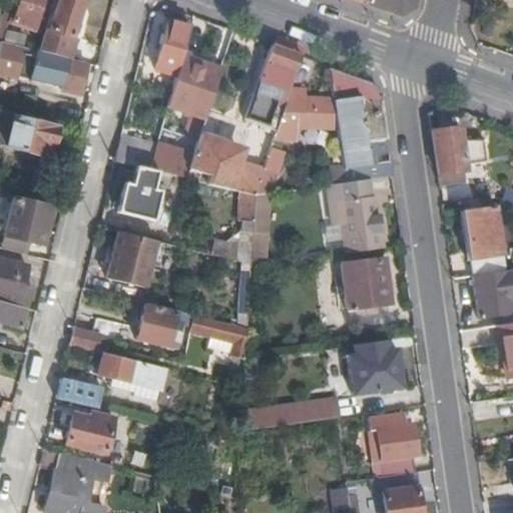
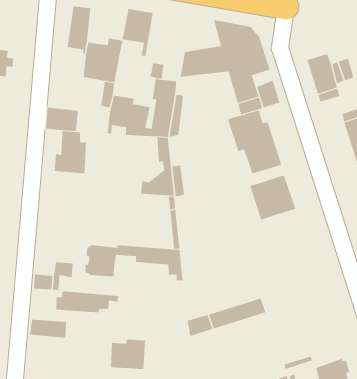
building: [263,44,305,103] -> [122,9,154,56]
building: [151,147,193,176] -> none
building: [108,230,157,286] -> none
building: [350,349,404,393] -> none
building: [68,413,115,452] -> [110,339,146,370]
building: [372,413,420,475] -> none

